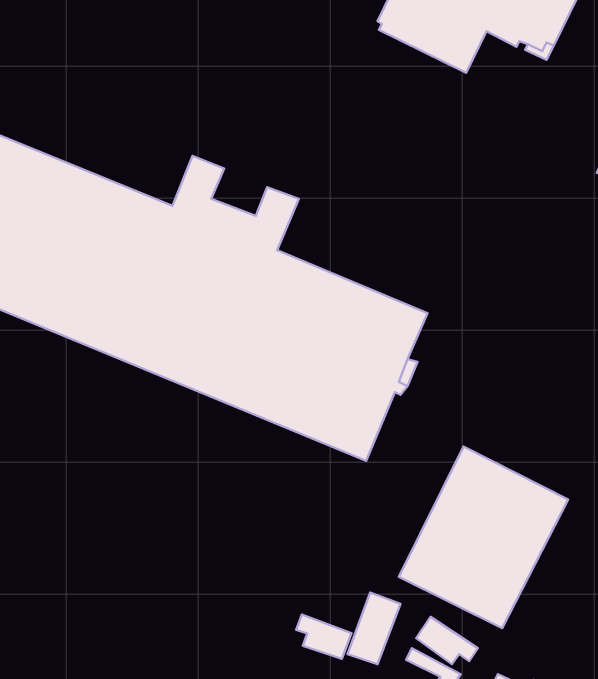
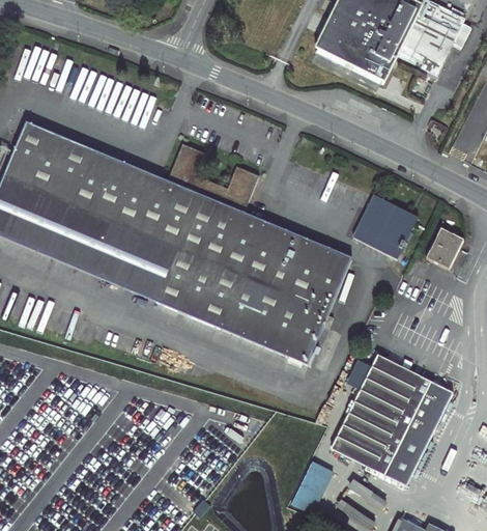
building: none -> [352,194,418,257]
building: none -> [425,227,462,269]
building: [296,614,352,659] -> none

